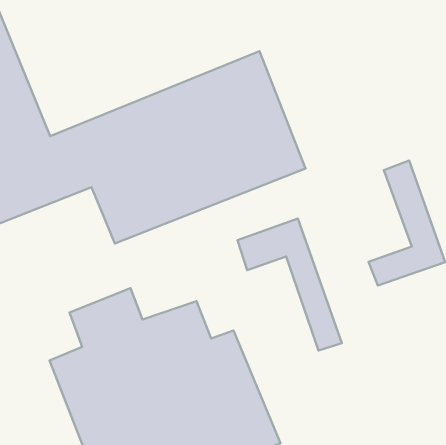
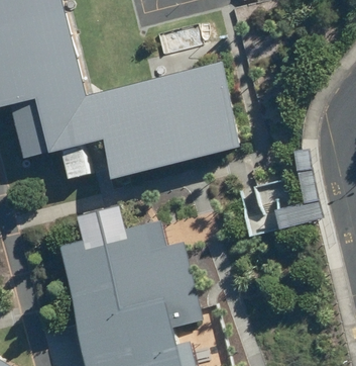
building: [237,218,342,350] -> none

